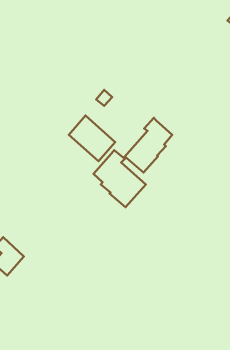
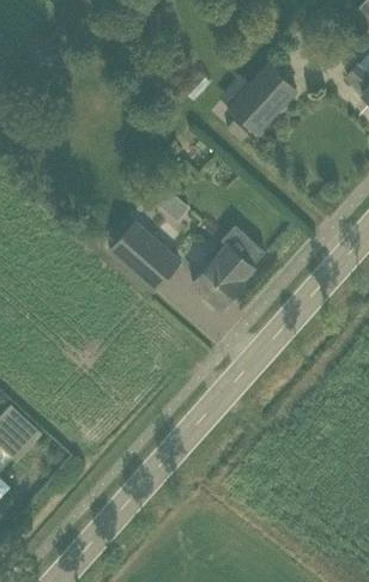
building: none -> [228,63,297,134]
building: [94,150,146,207] -> none

